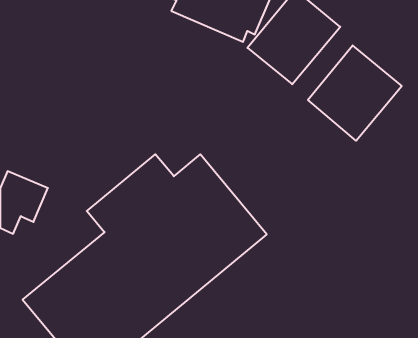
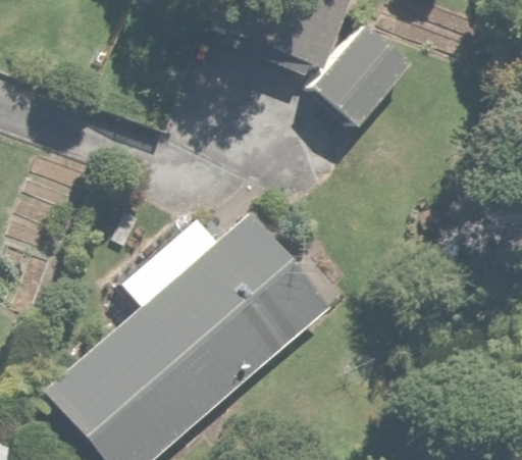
building: [308,45,402,141] -> none

